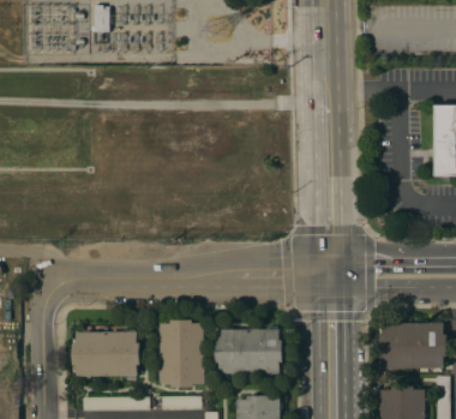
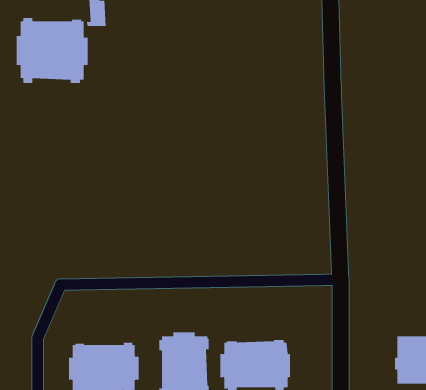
building: none -> [16,17,88,84]

